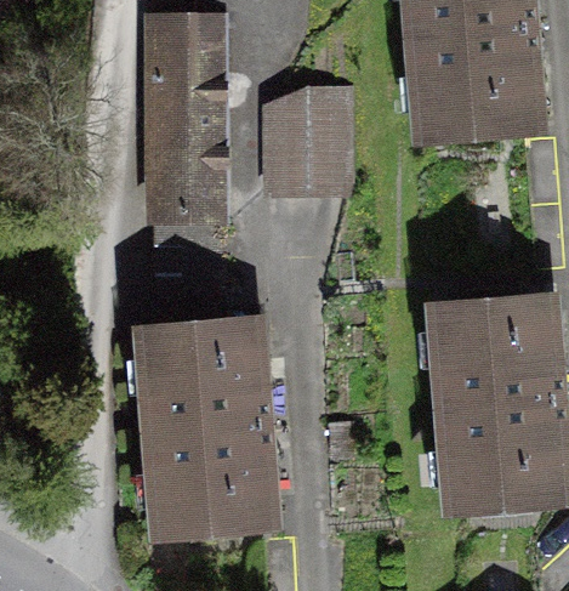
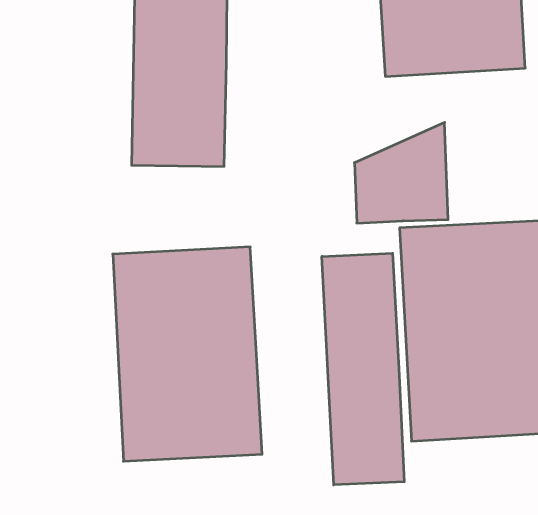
building: [272,104,368,208] -> [354,122,448,223]
building: none -> [322,253,404,485]

